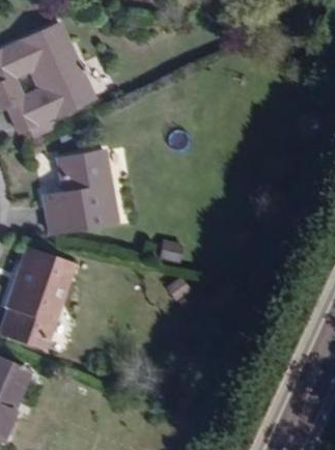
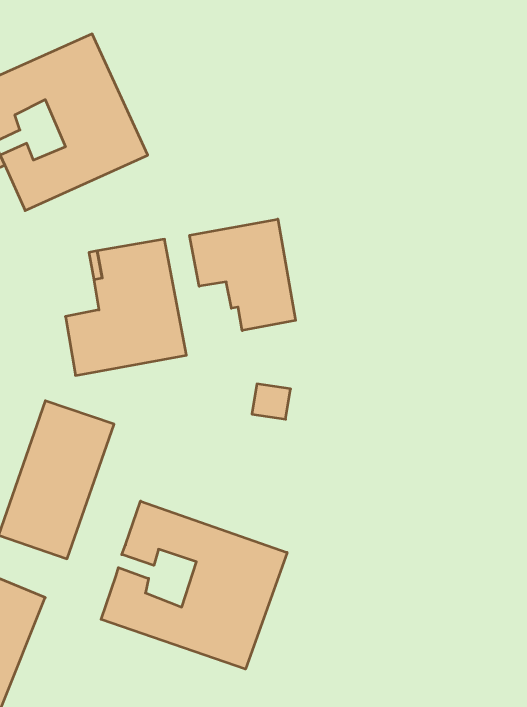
building: none -> [190,219,296,331]
building: none -> [101,501,287,669]

